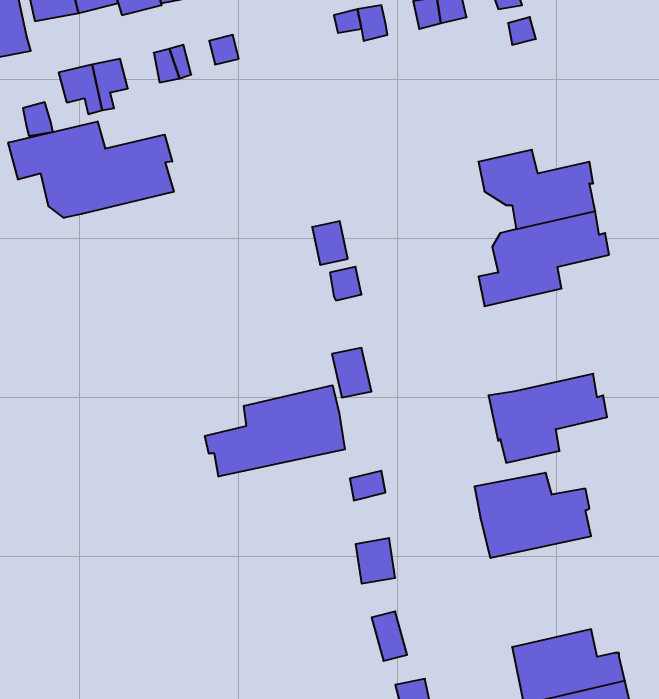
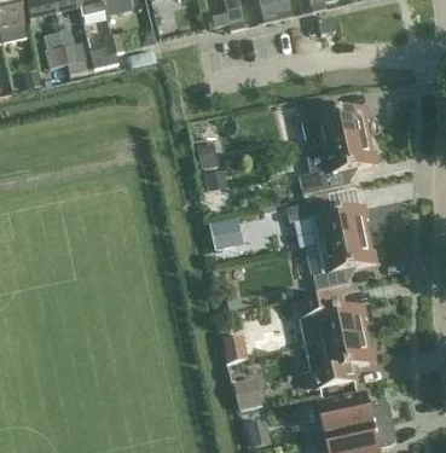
building: [8,121,174,218] -> none
building: none -> [286,196,370,246]
building: [205,385,345,477] -> none
building: none -> [307,332,377,388]

